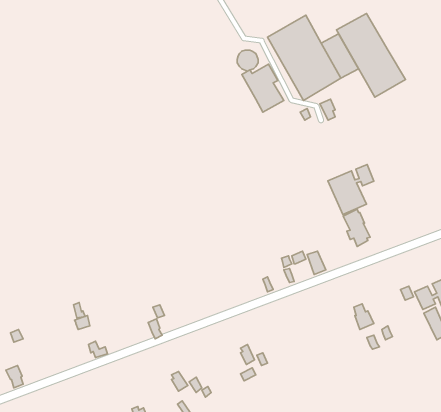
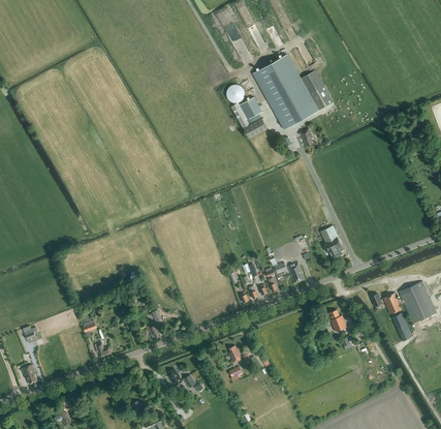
building: [336,13,405,97] -> none
building: [328,165,374,214] -> none

